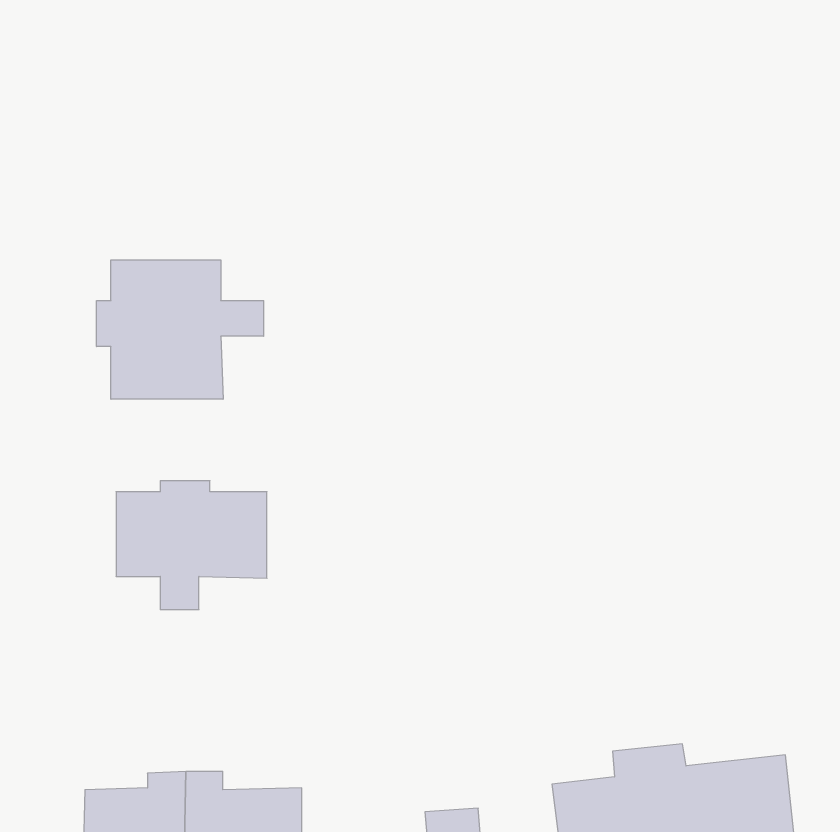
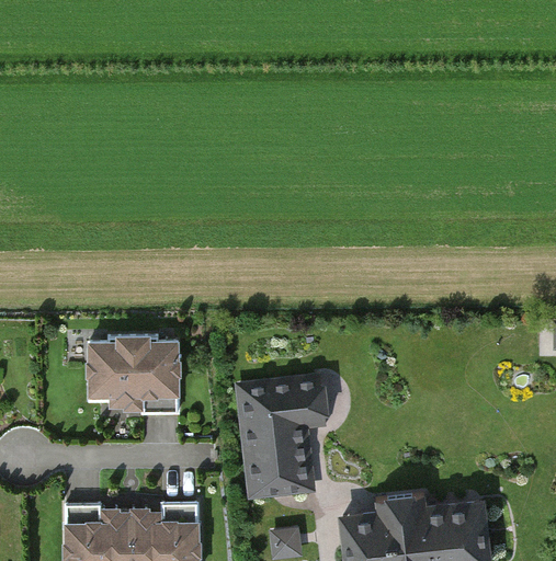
building: [97,260,264,399] -> none
building: none -> [240,376,328,494]

